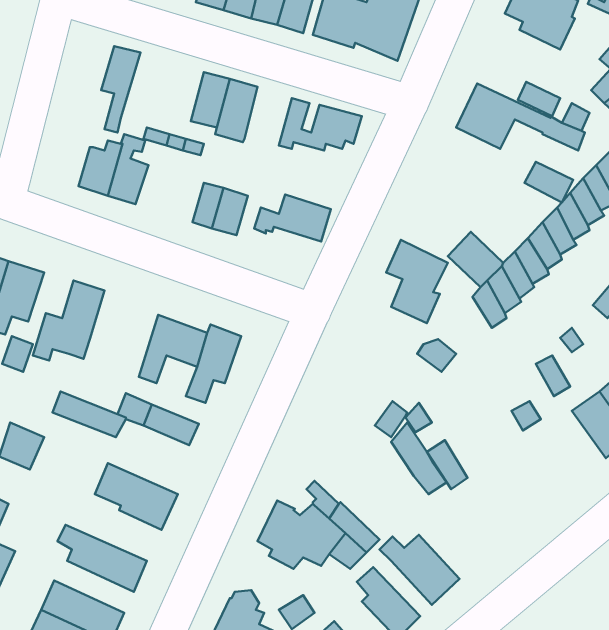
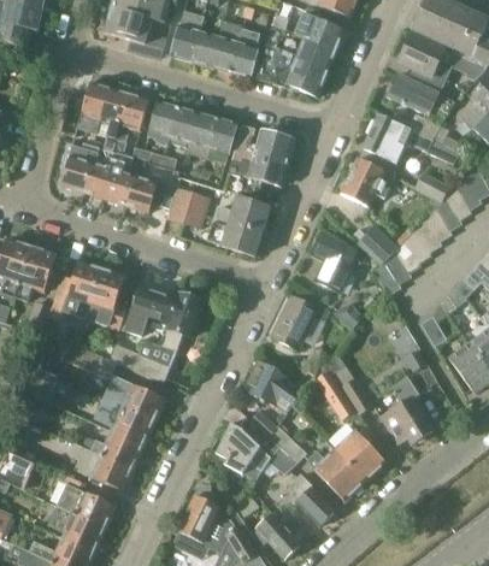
building: none -> [387,75,455,113]
building: none -> [76,81,110,129]
building: none -> [114,92,148,142]
building: none -> [147,100,176,146]
building: none -> [206,117,236,160]
building: none -> [59,141,100,190]
building: none -> [229,157,287,184]
building: none -> [338,157,394,207]
building: none -> [125,173,165,211]
building: none -> [207,220,263,255]
building: none -> [87,267,125,328]
building: none -> [271,295,328,350]
building: none -> [247,367,304,413]
building: none -> [105,375,165,418]
building: none -> [381,377,432,443]
building: none -> [335,429,385,480]
building: none -> [82,430,145,467]

